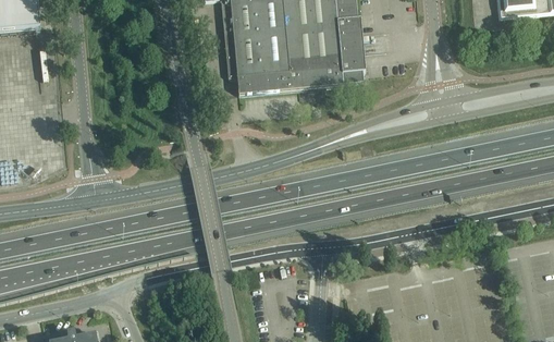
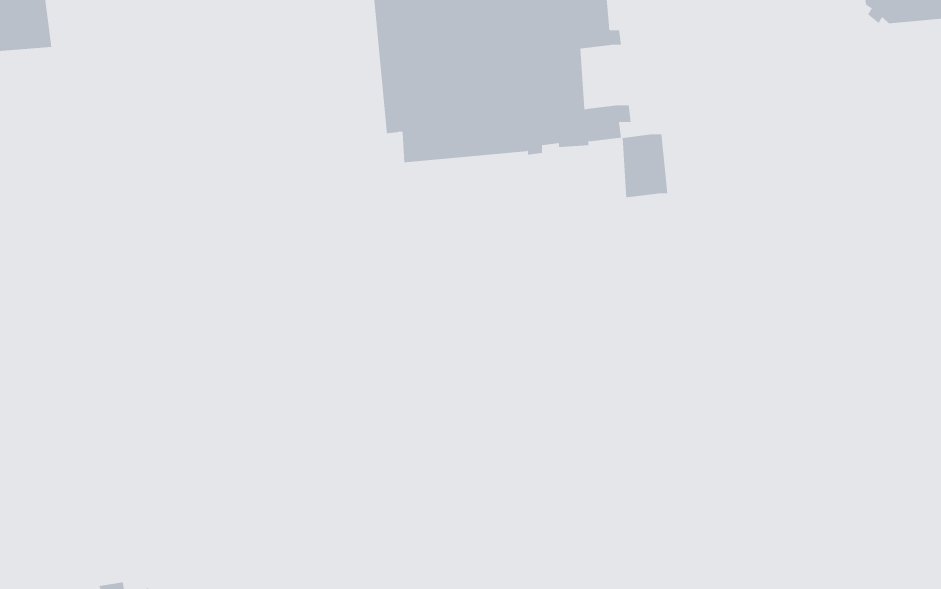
building: [338,28,365,64] -> [622,134,668,198]

